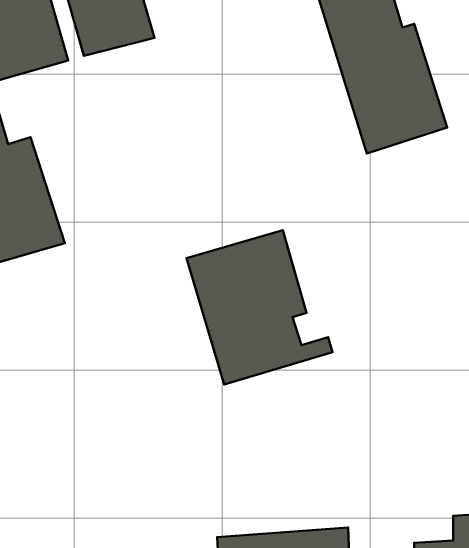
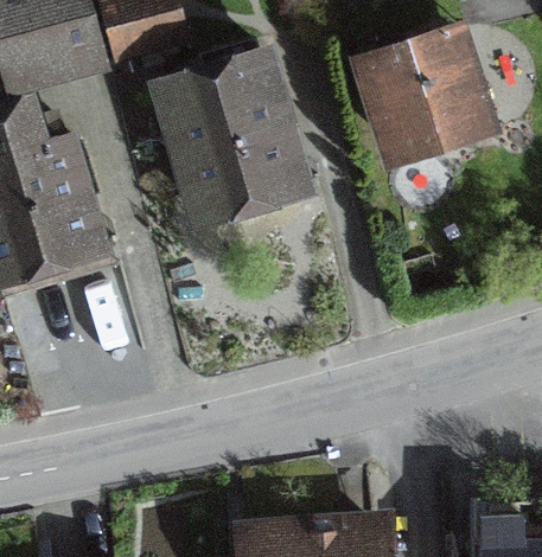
building: none -> [179,43,307,213]
building: [186,230,333,384] -> none

